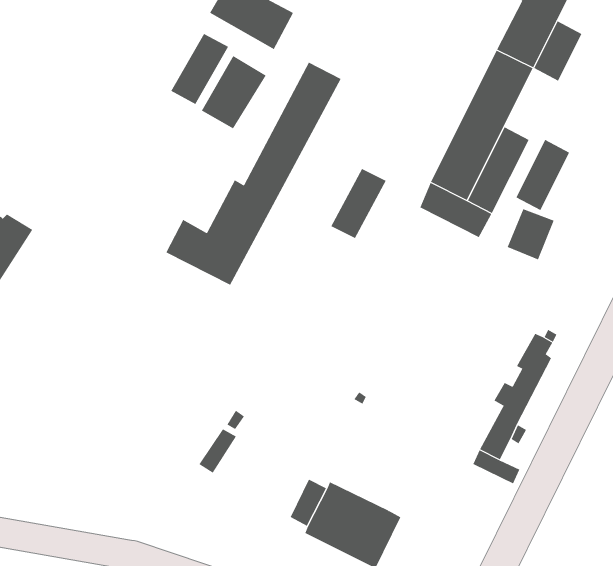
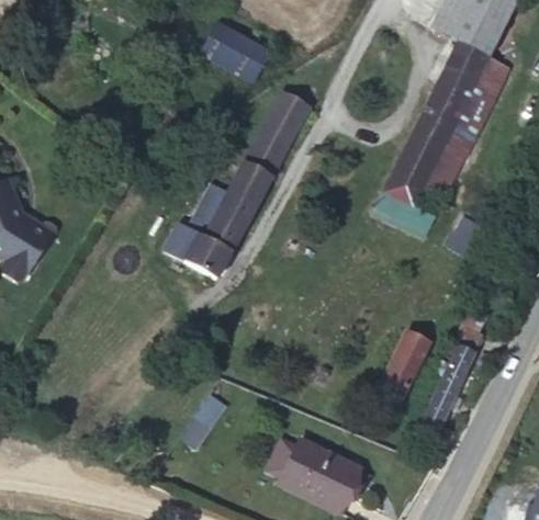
building: [171,33,229,105] -> none
building: [201,55,266,129] -> none
building: [516,139,570,211] -> [445,97,490,156]
building: [331,168,387,239] -> none
building: none -> [378,329,428,403]

